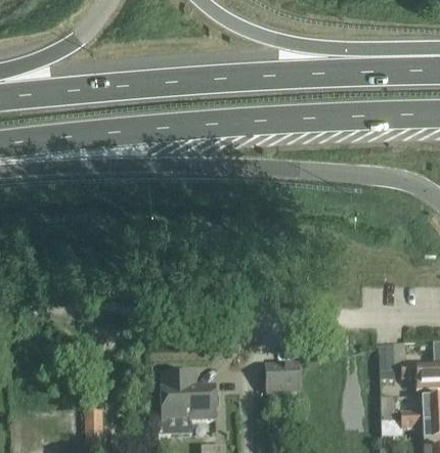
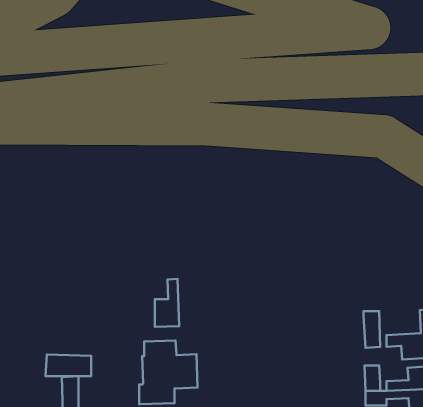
building: none -> [155,279,179,327]
building: [266,363,301,392] -> none
building: none -> [46,355,91,376]

